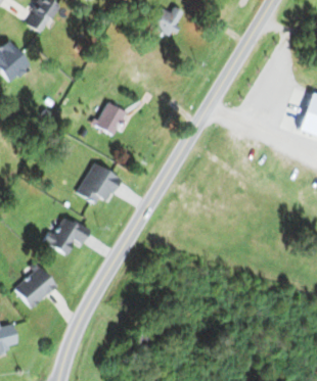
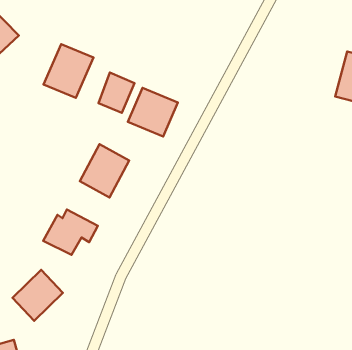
building: none -> [44,44,93,98]
building: none -> [128,88,178,136]

